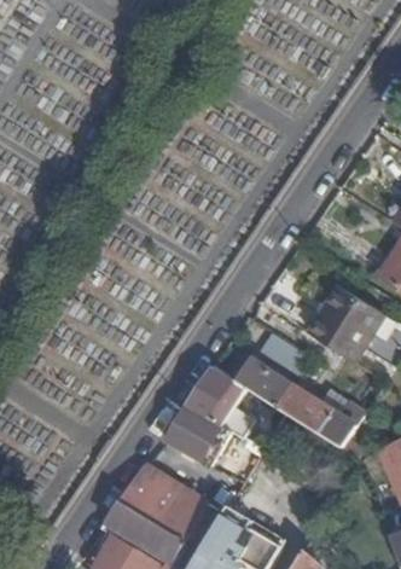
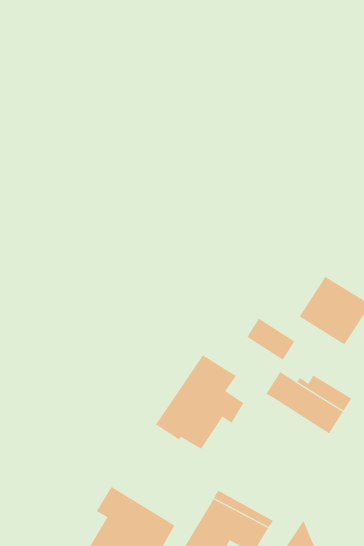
building: [234,359,290,407] -> none
building: [118,464,207,541] -> none

